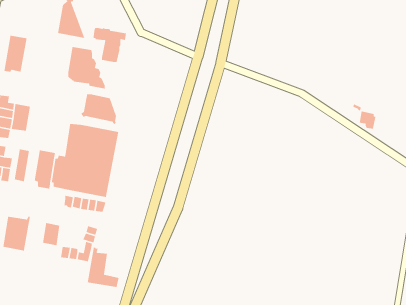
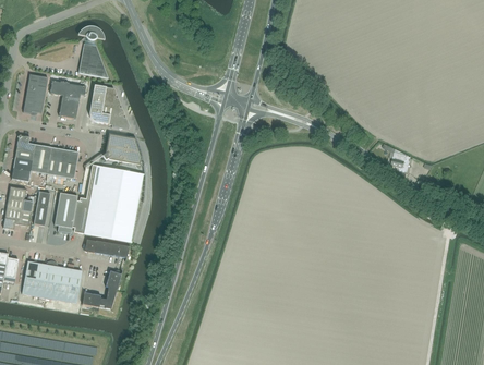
building: [93,27,128,63] -> [50,81,86,118]
building: none -> [47,147,78,178]
building: [87,247,119,288] -> [45,260,78,303]

